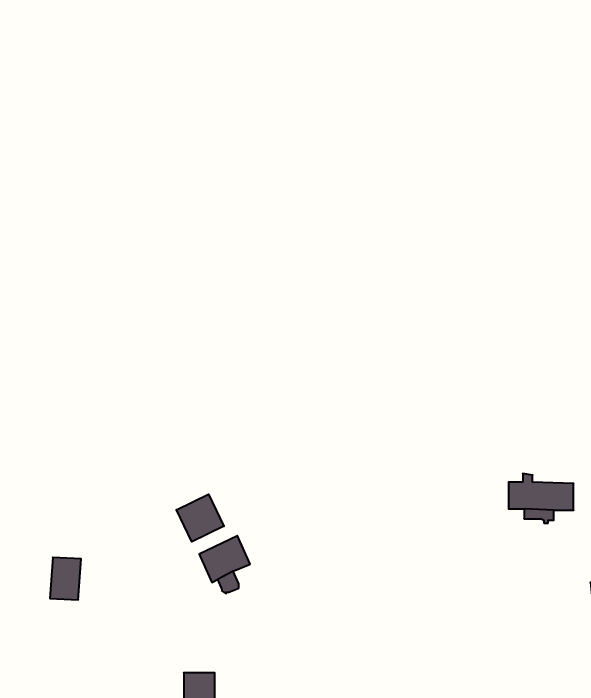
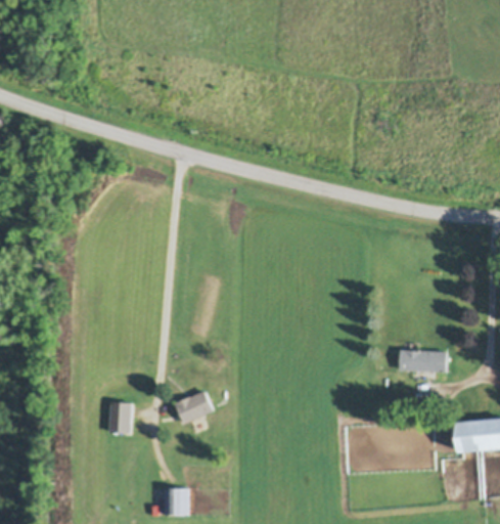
building: [176,494,224,542] -> none
building: [50,557,81,600] -> [108,402,131,433]

